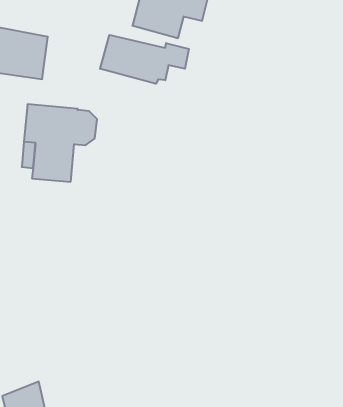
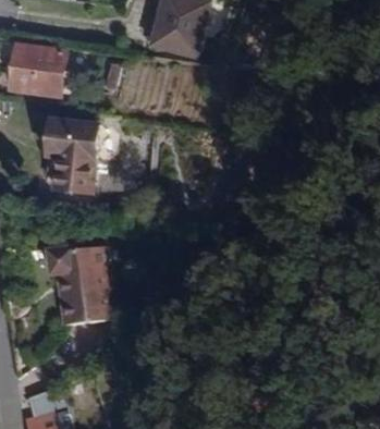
building: [100,35,189,84] -> none
building: none -> [49,246,111,326]

